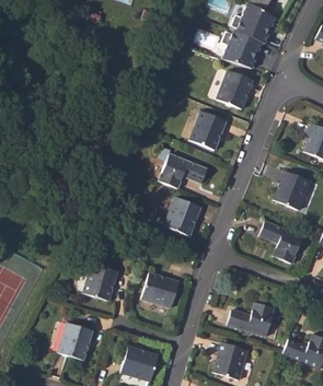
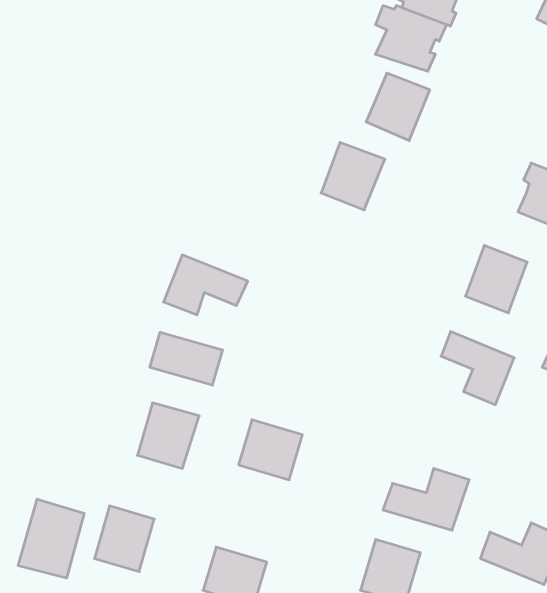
building: [158,153,207,188] -> [163,255,248,315]
building: [163,197,200,236] -> none
building: none -> [150,332,223,385]
building: none -> [18,499,84,578]

